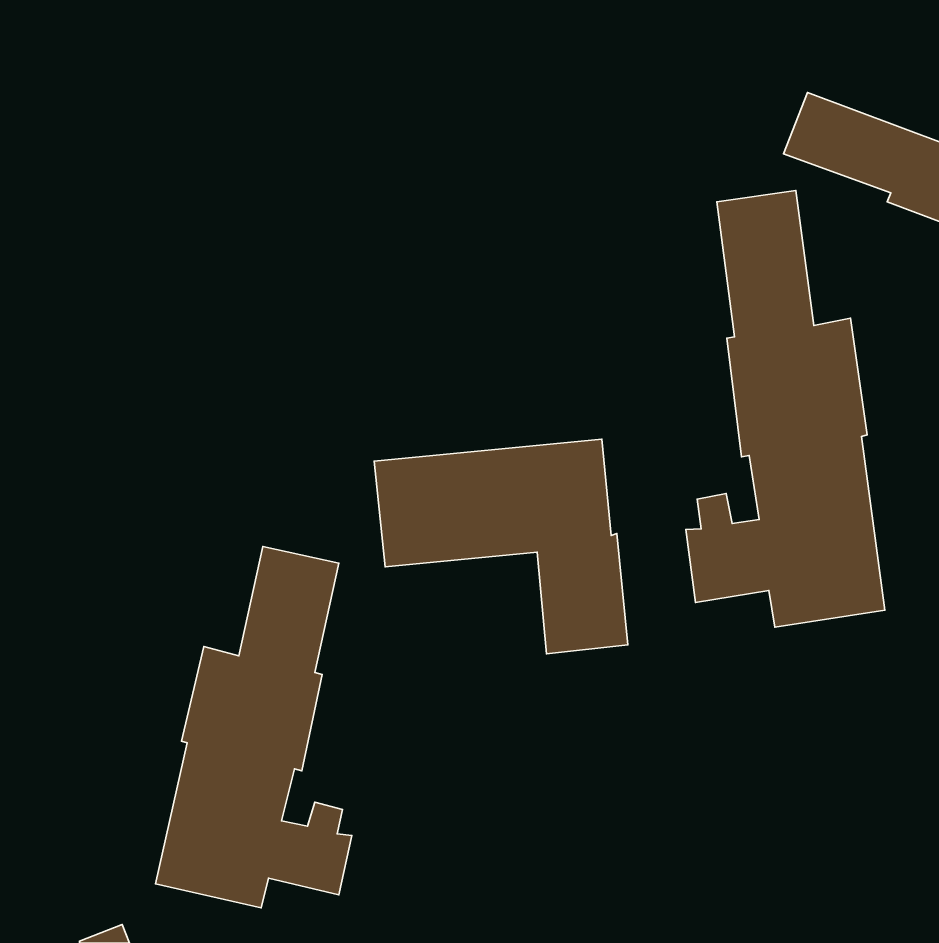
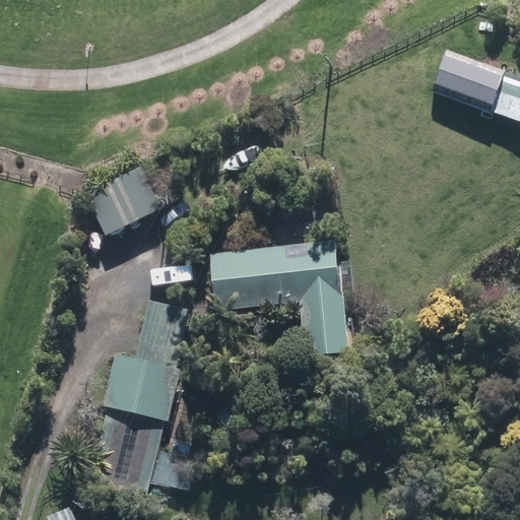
building: [686,191,885,627] -> none
building: none -> [84,167,160,236]

